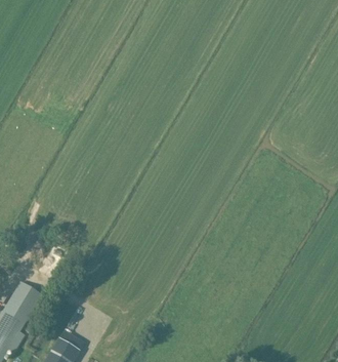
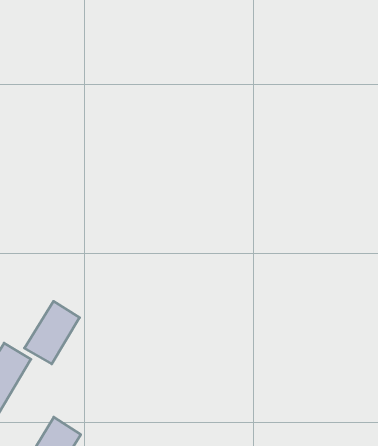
building: none -> [24,301,80,364]

